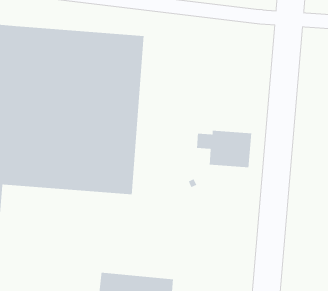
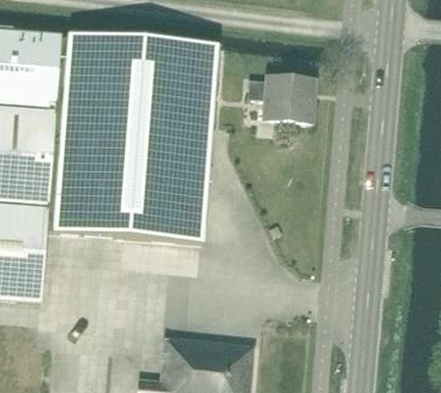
building: [196,130,252,168] -> [246,74,314,121]

